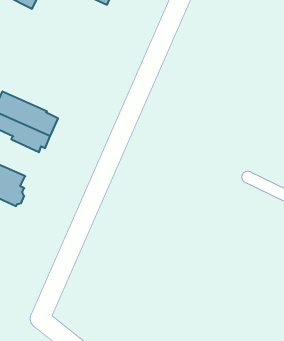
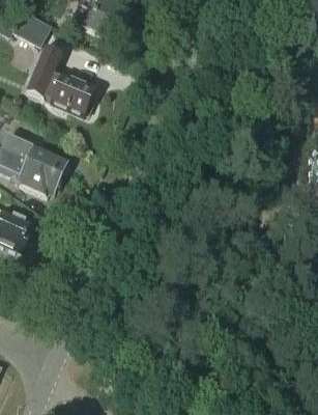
building: none -> [26,48,93,114]

